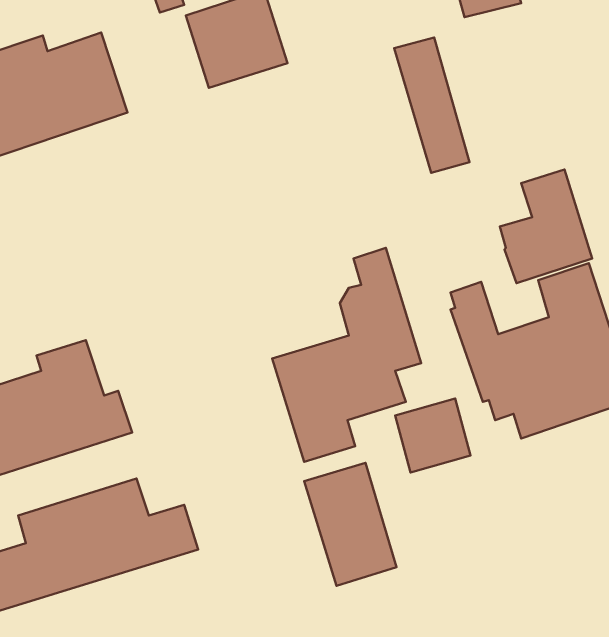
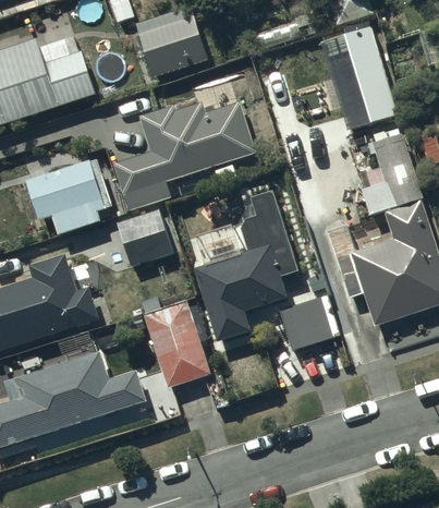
building: [394,37,470,173] -> [343,26,397,122]
building: none -> [113,101,253,208]
building: none -> [27,159,110,235]
building: none -> [117,213,171,265]
building: [304,463,396,586] -> [144,300,209,387]

